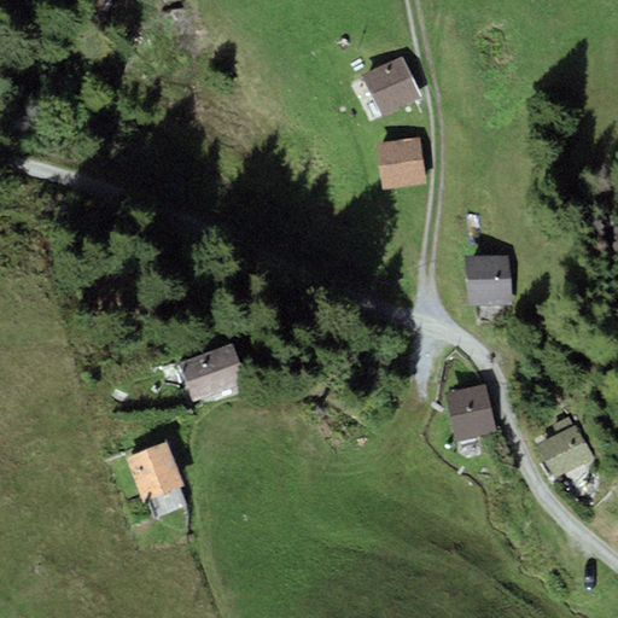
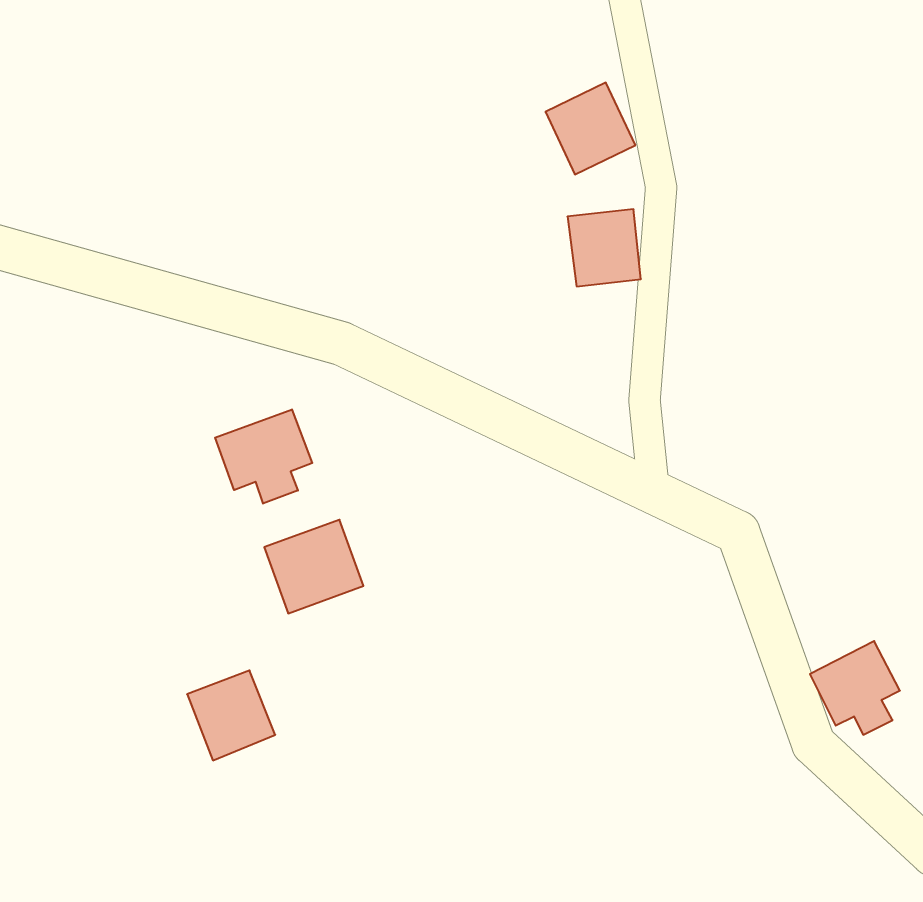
building: [464,253,513,304] -> none
building: none -> [215,409,312,504]
building: [445,383,497,442] -> none

